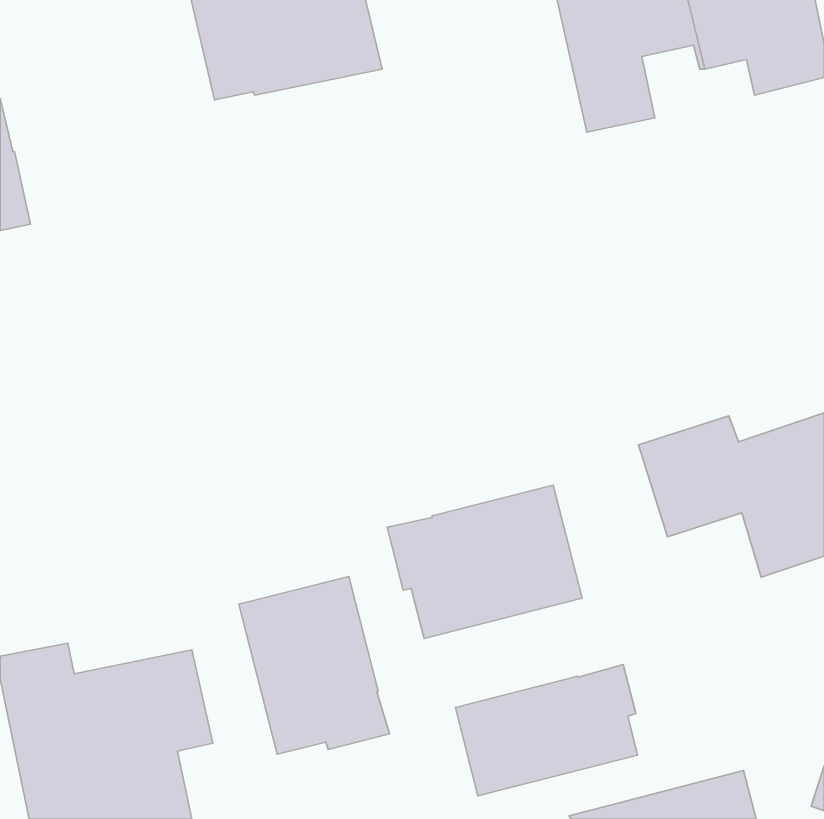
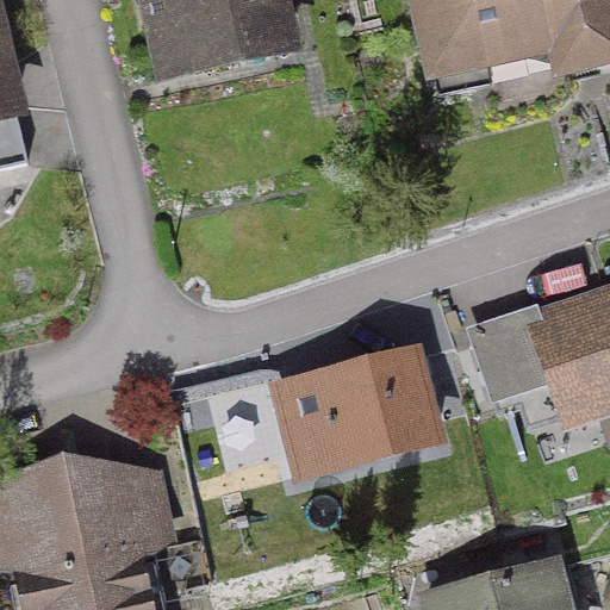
building: [239,577,389,754] -> none
building: [456,664,638,796] -> none

